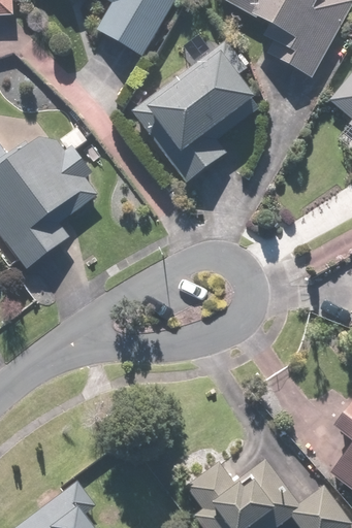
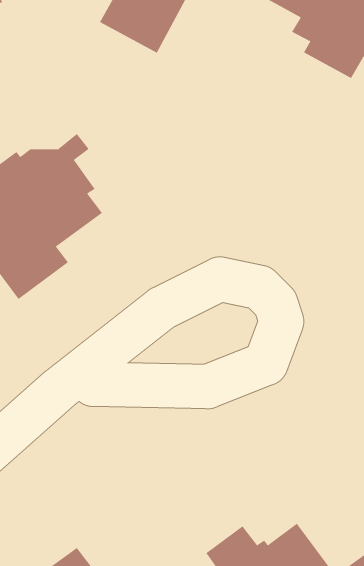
building: [128,44,262,185] -> none

